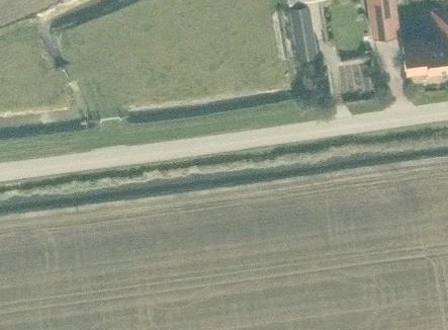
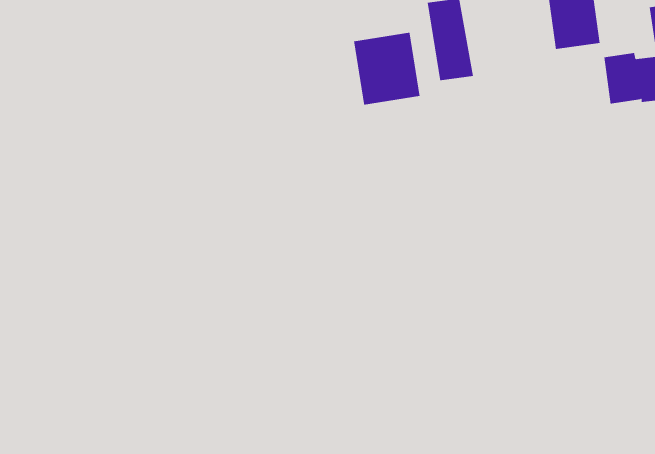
building: none -> [354,32,420,105]

